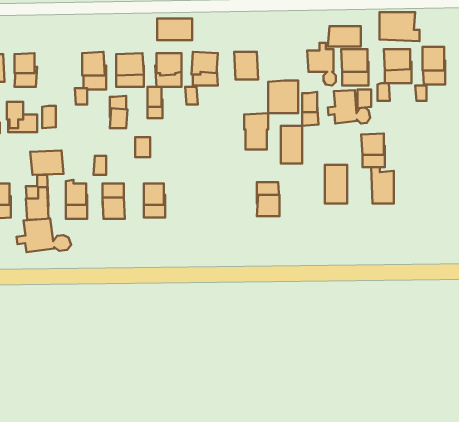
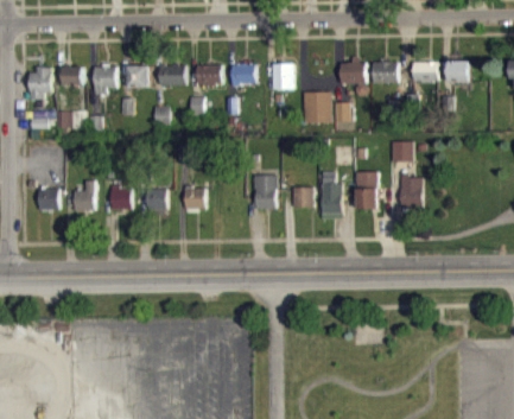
building: [380,12,419,41] -> none
building: [157,19,192,40] -> none
building: [328,26,361,46] -> none
building: none -> [93,61,115,93]
building: [328,90,370,124] -> none
building: [244,113,268,150] -> [253,172,275,207]
building: [281,126,302,163] -> [321,180,341,216]
building: [30,151,63,175] -> none
building: [16,219,71,252] -> none

